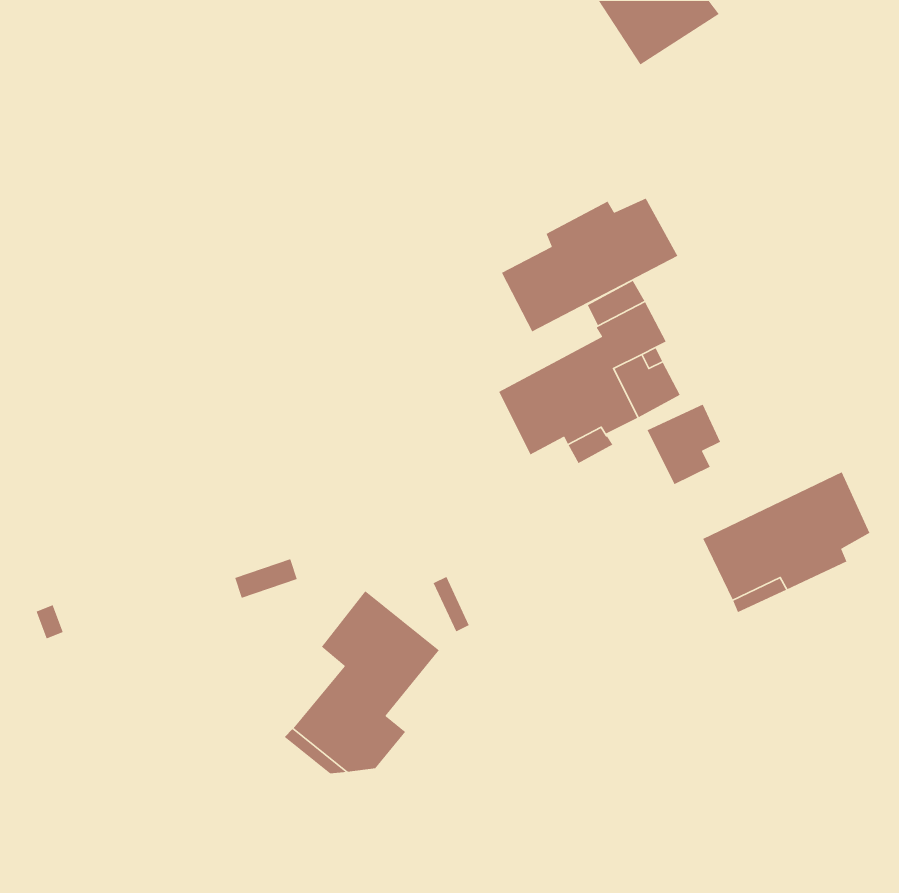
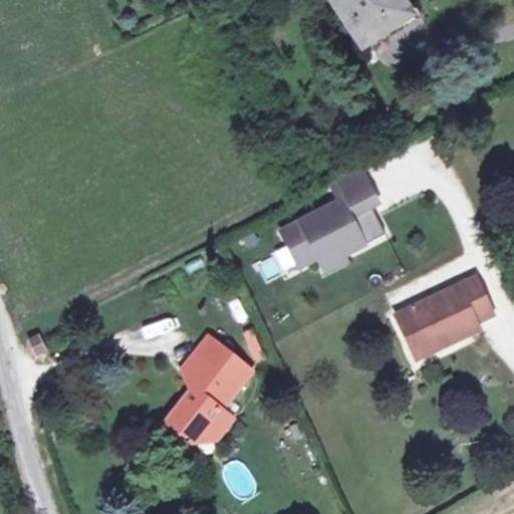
building: [501,198,678,333] -> none
building: [646,404,721,485] -> none

